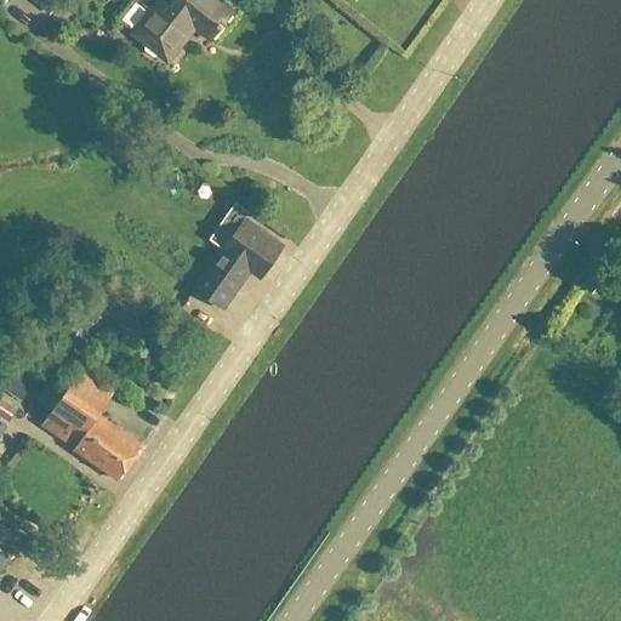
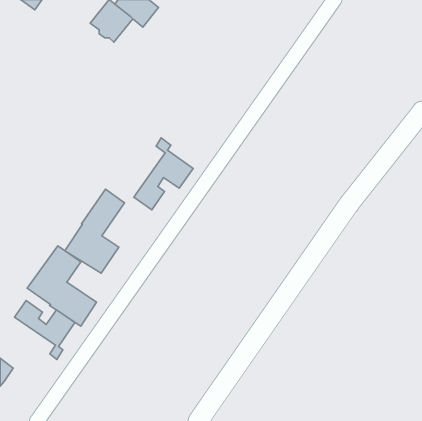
building: none -> [65,189,125,273]
building: none -> [14,300,75,359]

